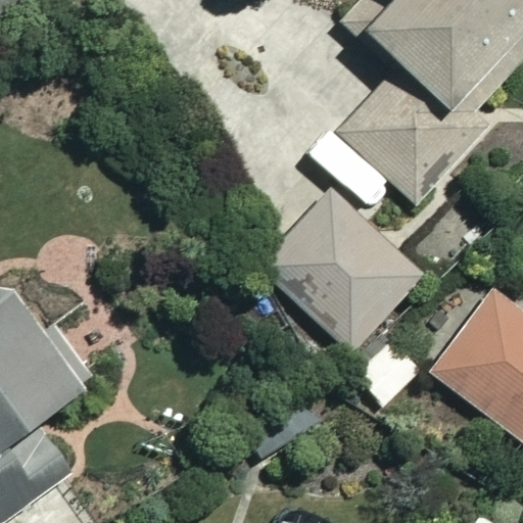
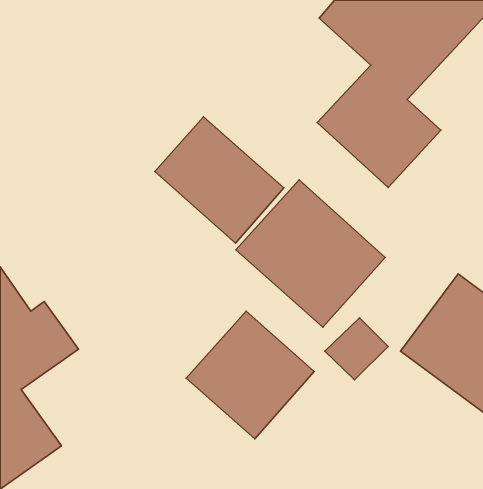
building: none -> [155,117,284,243]
building: none -> [186,311,314,439]

